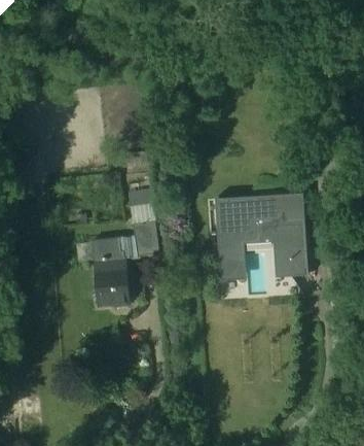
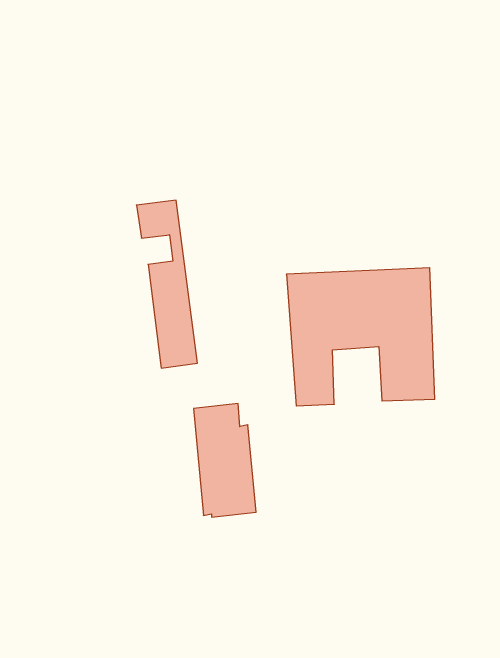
building: [92,237,131,308] -> [194,404,256,517]

